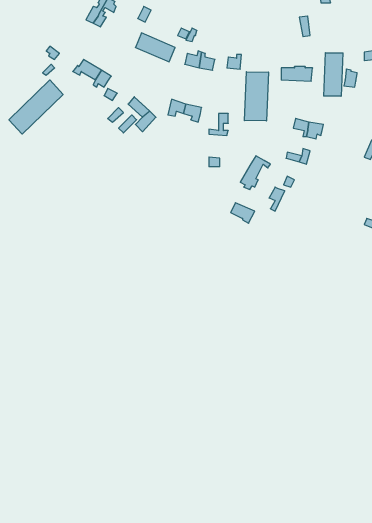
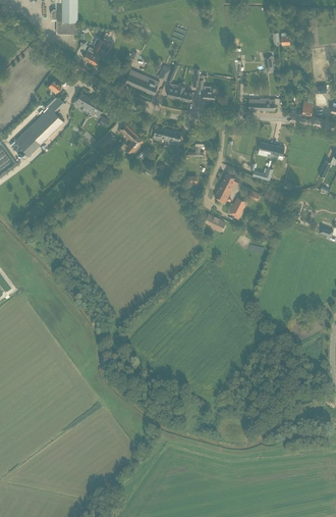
building: [324,53,343,96] -> none
building: [244,72,268,121] -> none

